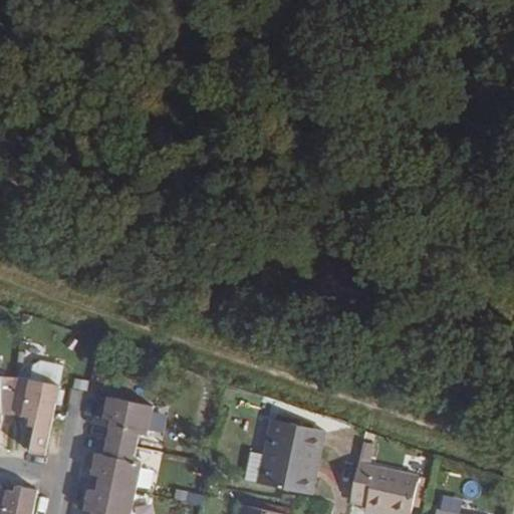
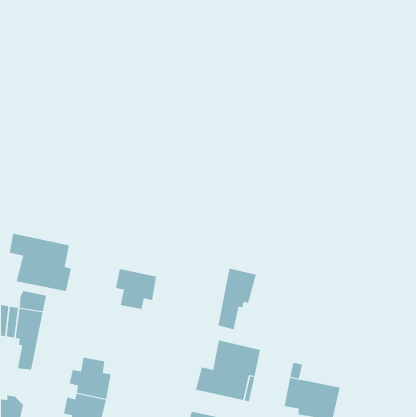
building: none -> [9,233,72,292]
building: none -> [218,268,256,330]
building: [99,395,151,445] -> [115,268,157,309]

